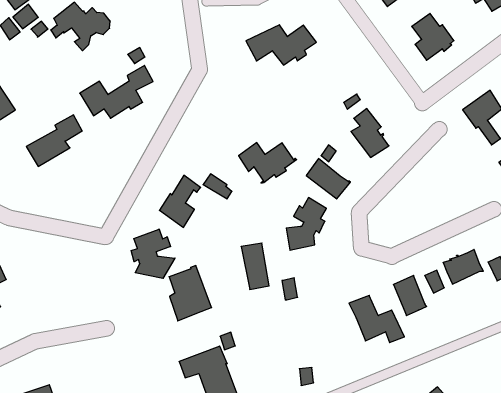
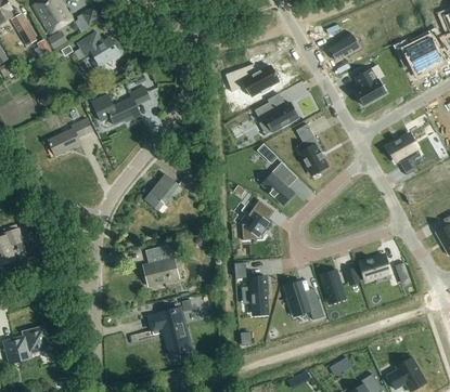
building: [239,143,297,183] -> [255,101,299,132]
building: [131,229,175,278] -> none
building: [241,243,269,289] -> [249,276,268,311]

